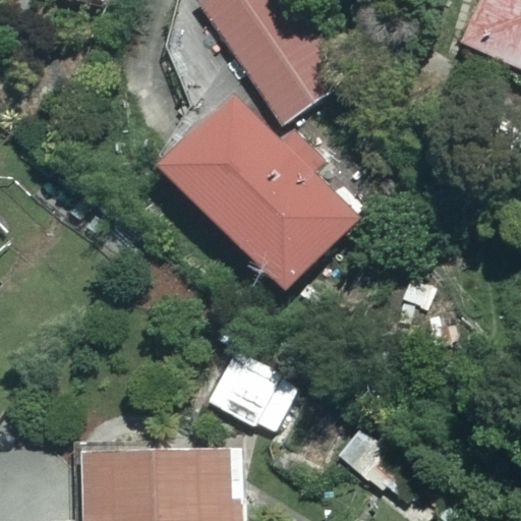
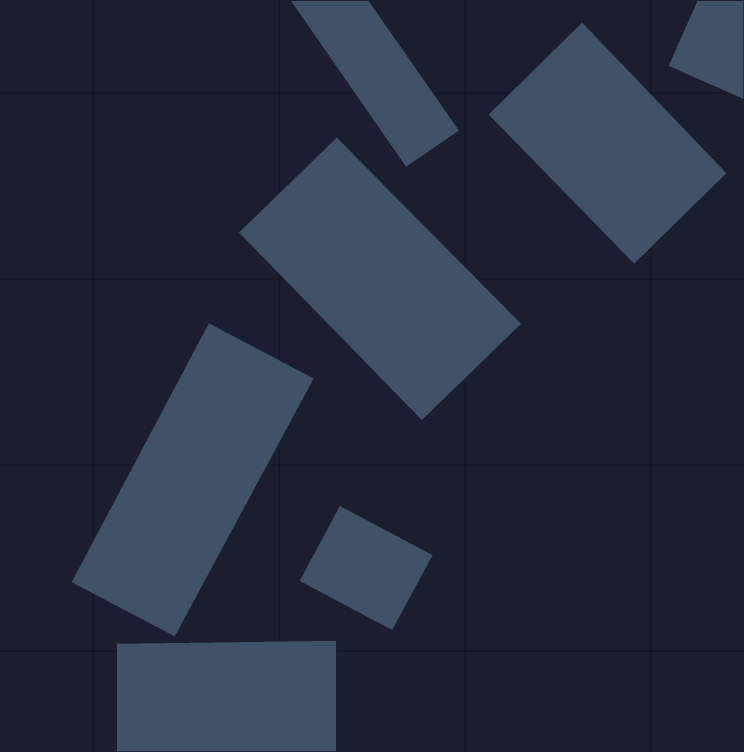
building: none -> [488,22,727,265]
building: none -> [70,322,315,638]

